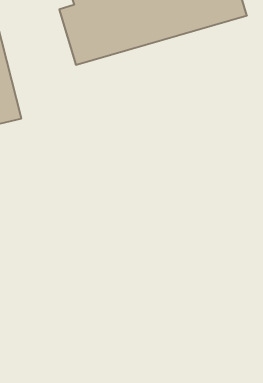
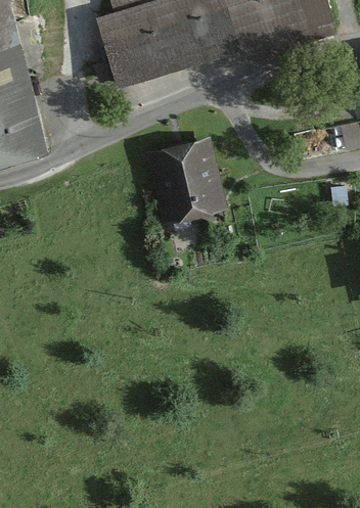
building: none -> [154,142,228,226]

